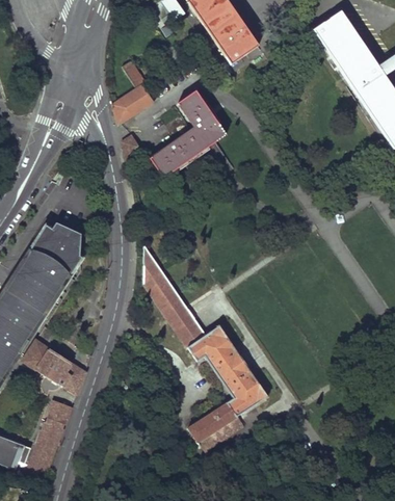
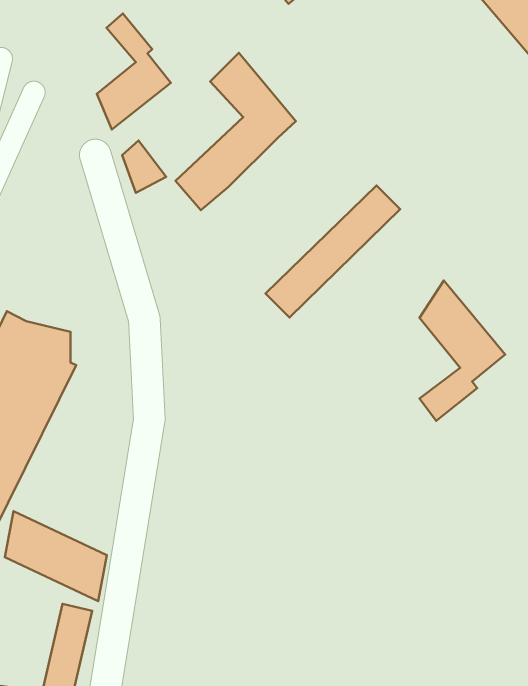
building: none -> [266,185,400,317]
building: none -> [420,281,505,421]
building: [144,243,265,453] -> none

